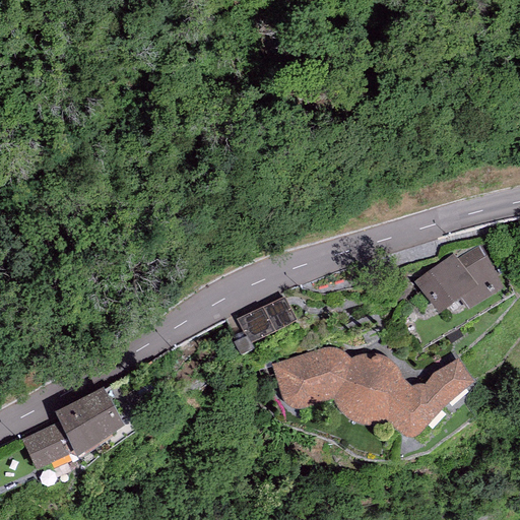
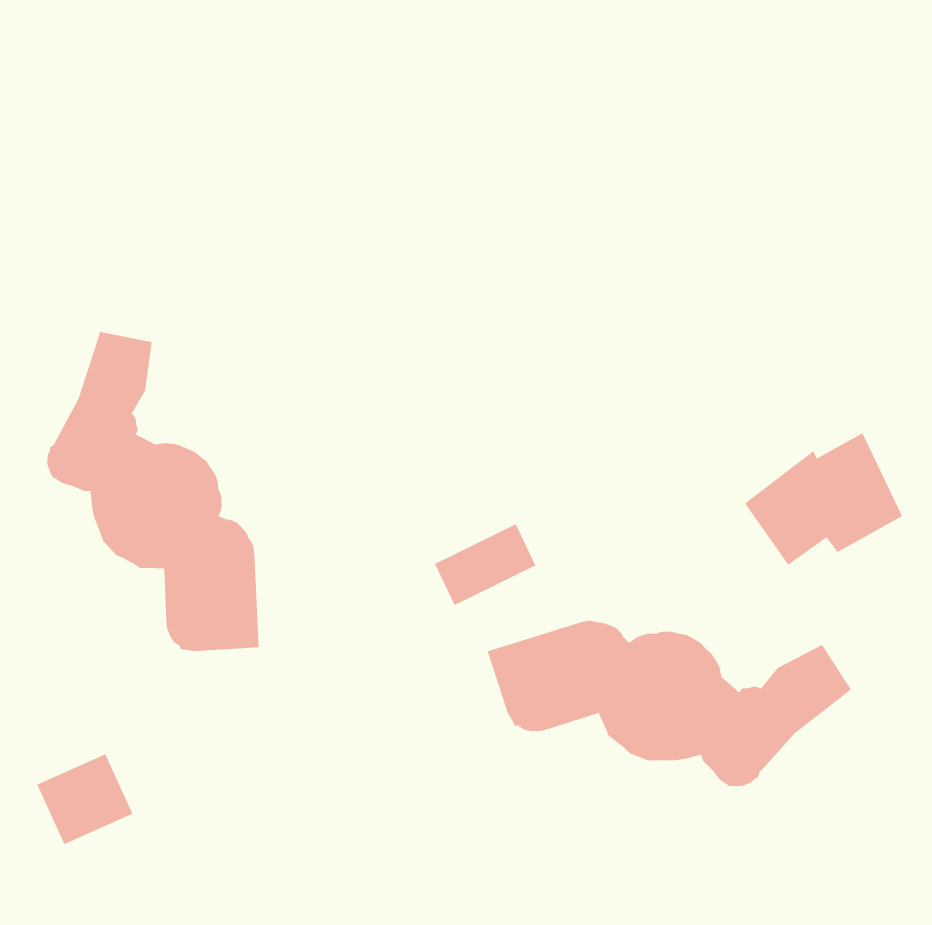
building: none -> [47,331,259,652]
building: [54,388,124,459] -> none

